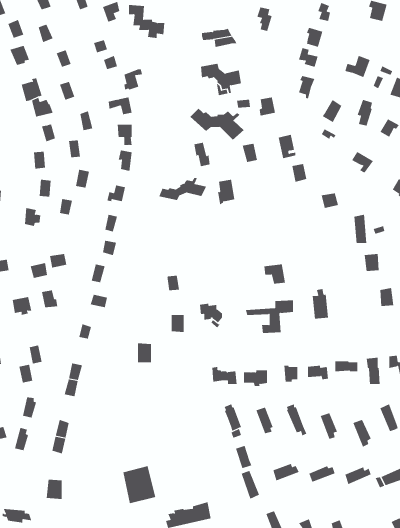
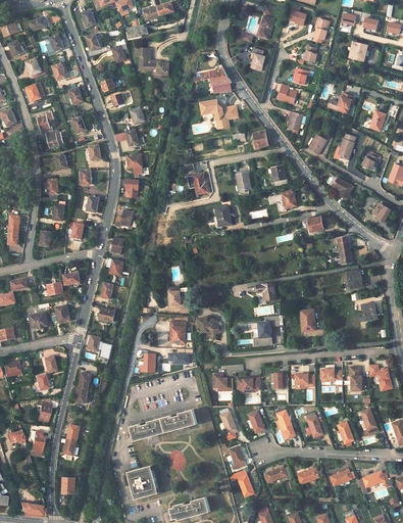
building: [190,108,244,140] -> none
building: [159,177,207,201] -> none
building: none -> [130,411,195,441]

